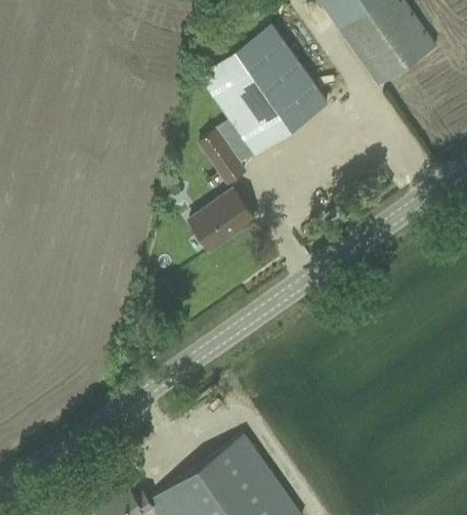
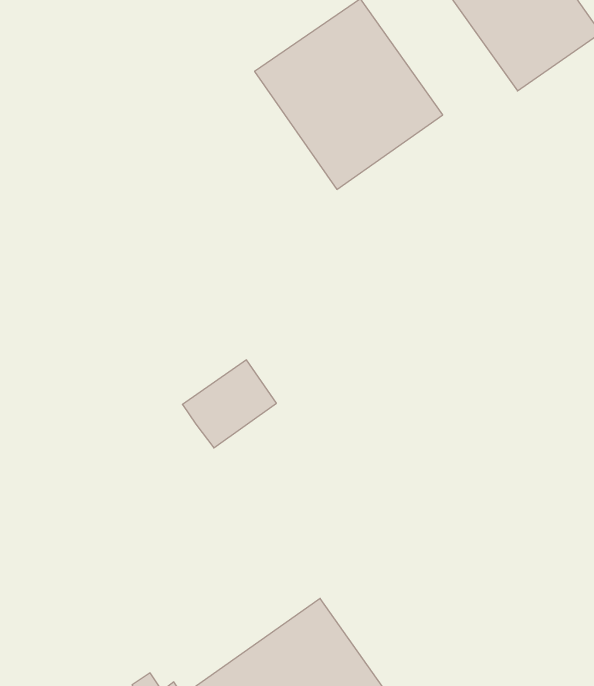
building: [202,134,246,184] -> none
building: [190,191,255,252] -> [182,360,276,448]

